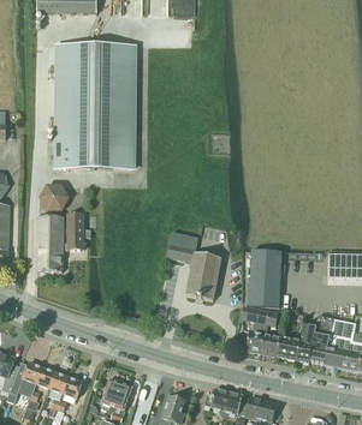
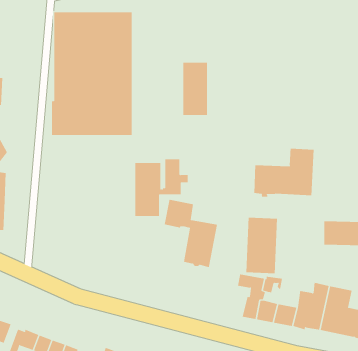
building: none -> [183,62,207,116]
building: none -> [254,148,314,197]
building: [40,184,69,210] -> none
building: [37,212,91,270] -> [135,159,189,217]

